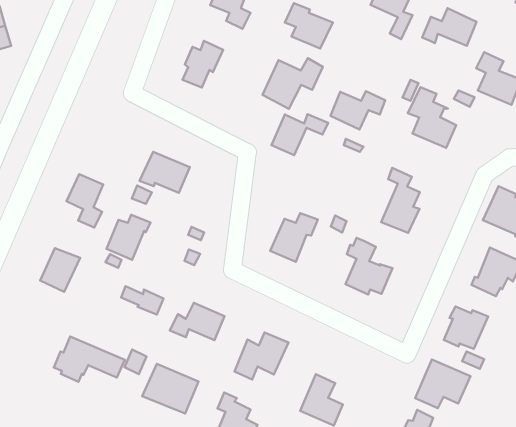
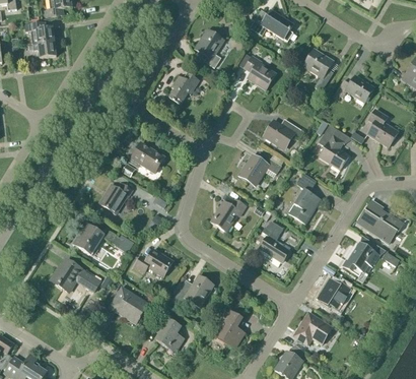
building: [262,58,323,109] -> none
building: [272,114,328,155] -> [240,155,281,184]
building: [67,174,103,227] -> none
building: [40,248,80,292] -> [73,224,102,254]

